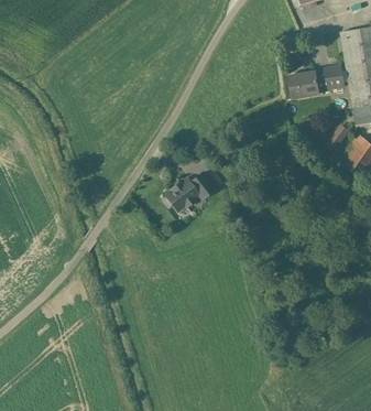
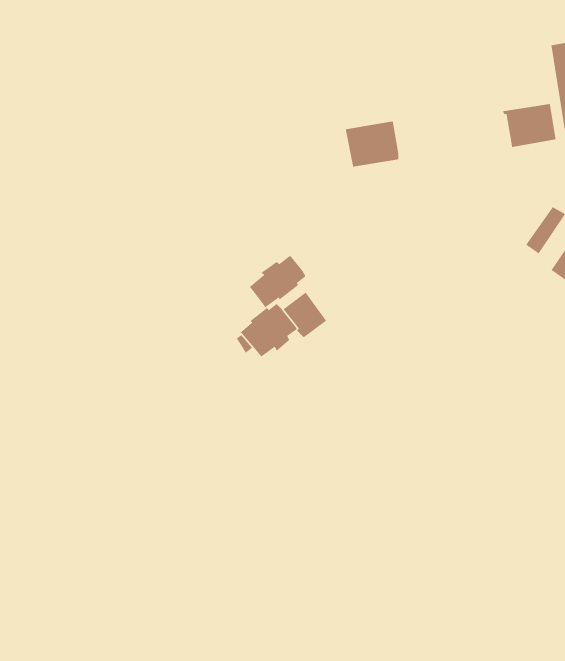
building: [290,71,320,97] -> [345,121,399,168]
building: none -> [249,255,306,309]

